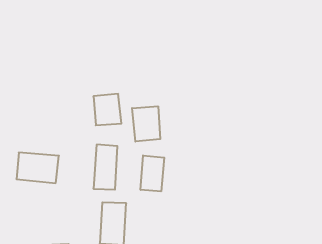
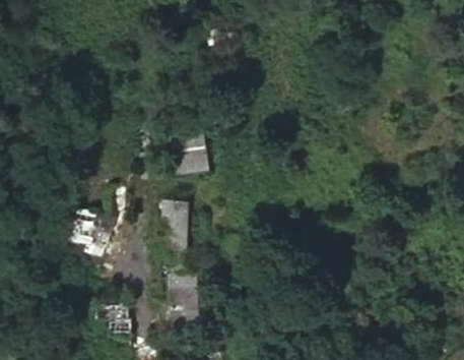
building: [132,106,160,142] -> none
building: [141,155,164,191] -> none

